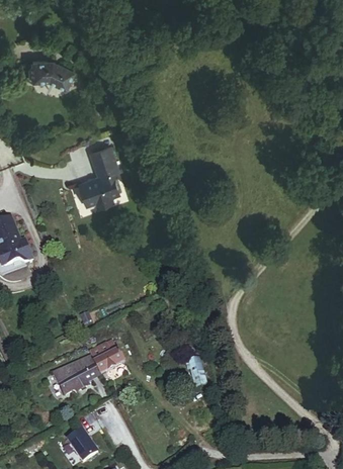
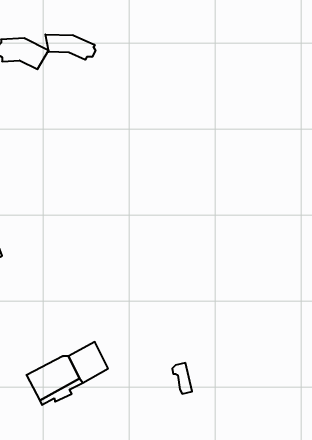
building: none -> [45,34,95,60]
building: [77,146,118,206] -> none

